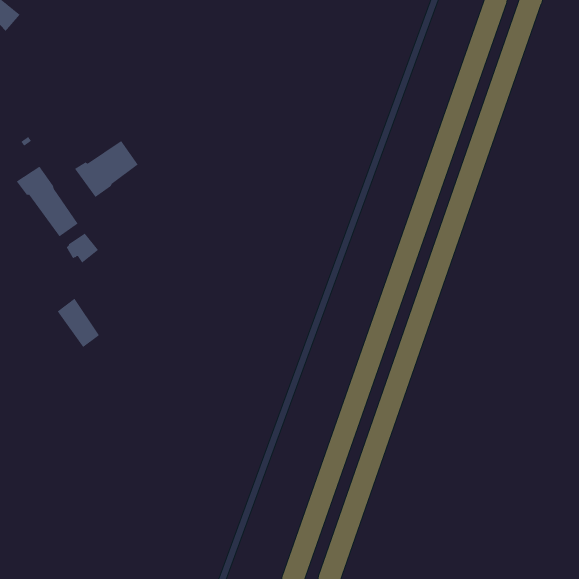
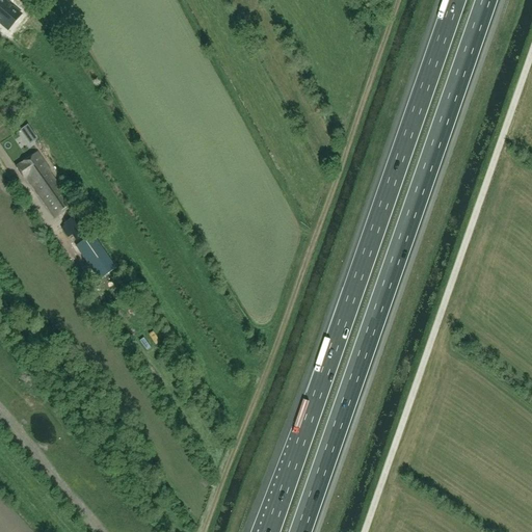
building: [74,140,139,198] -> none
building: [57,298,100,348] -> [75,233,114,278]

